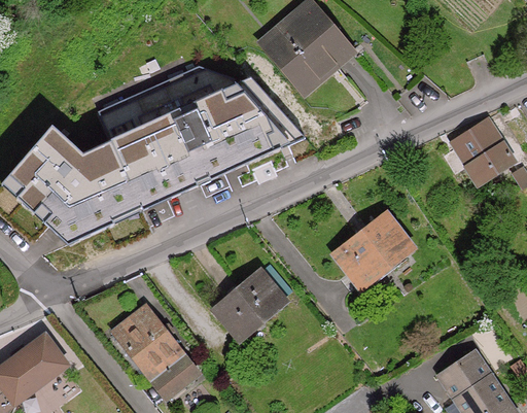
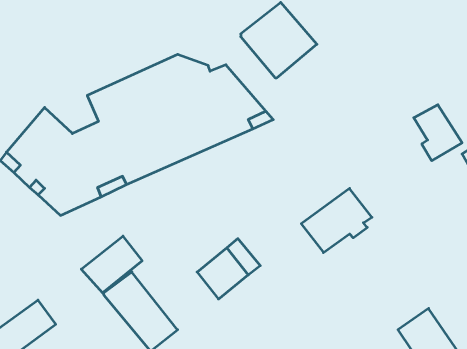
building: none -> [81,236,142,293]

